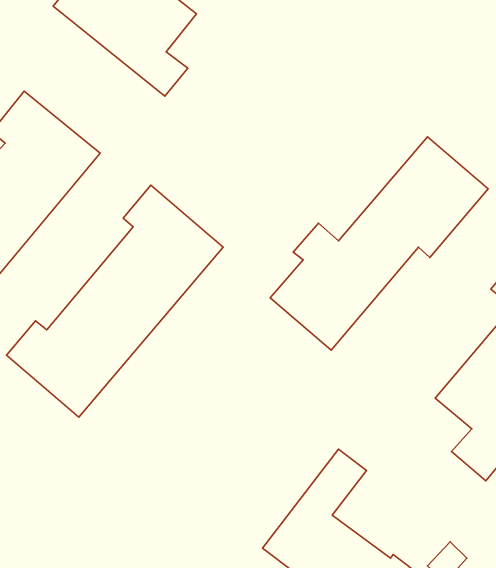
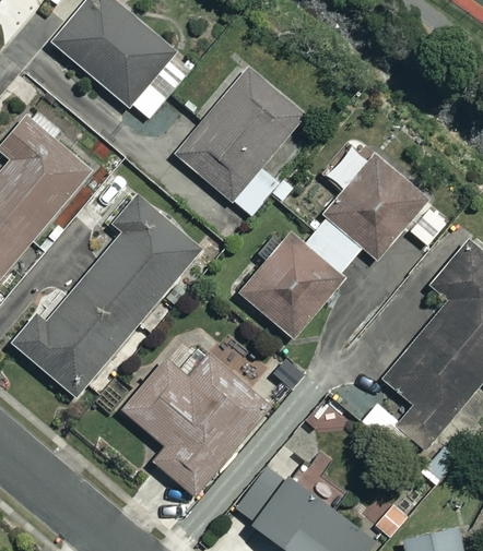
building: none -> [176,68,305,217]
building: none -> [123,360,266,495]

